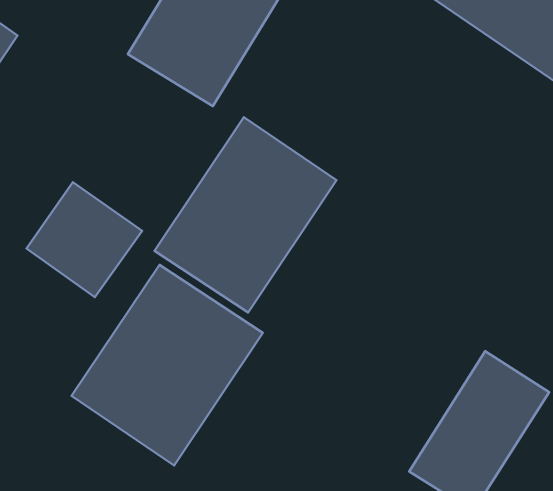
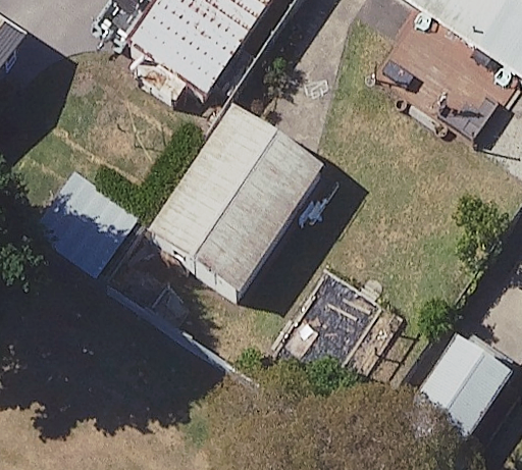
building: [72,265,263,466] -> none

